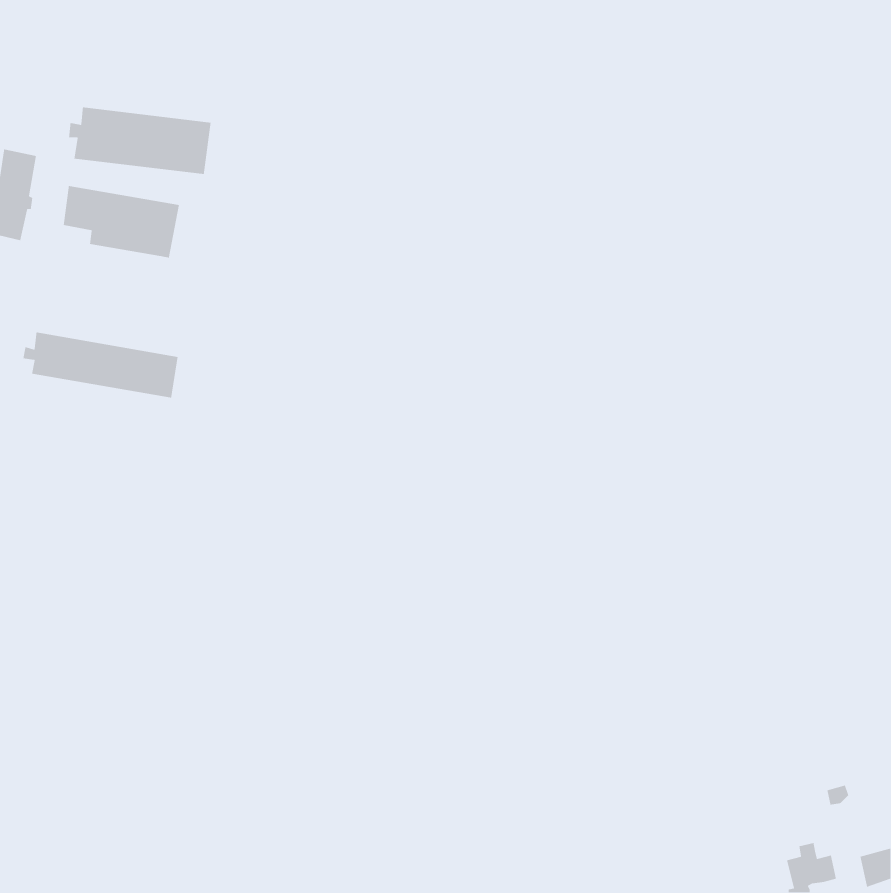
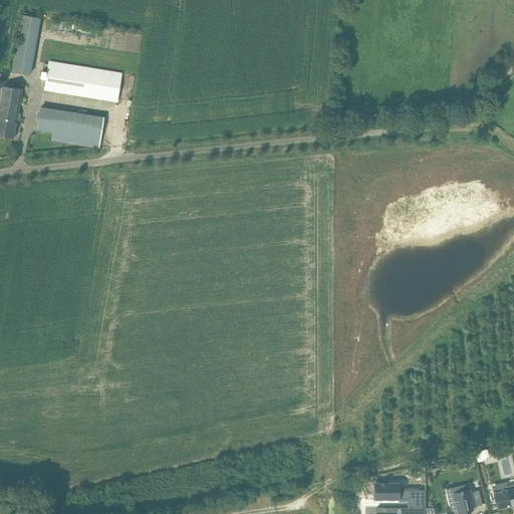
building: none -> [12,14,38,73]
building: [22,332,179,398] -> none
building: none -> [374,483,425,507]

